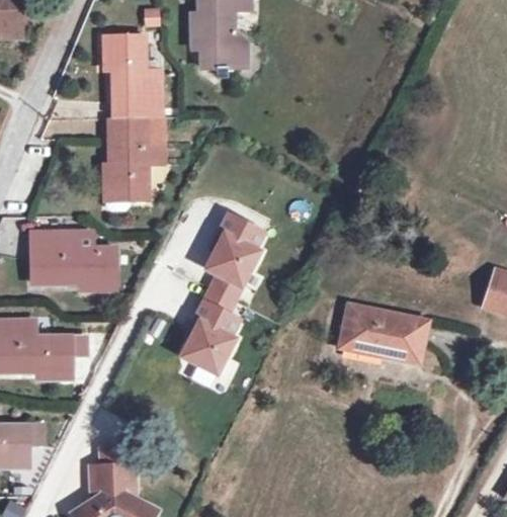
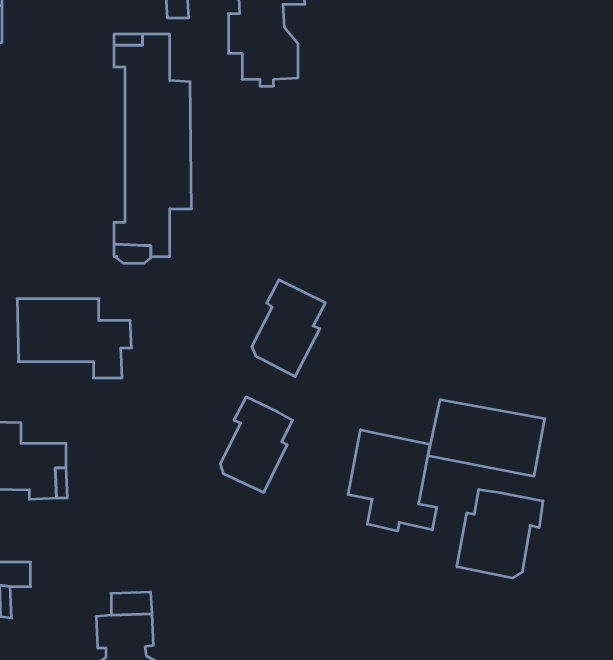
building: [202,276,239,315] -> none
building: none -> [348,430,437,531]
building: none -> [457,489,543,578]

